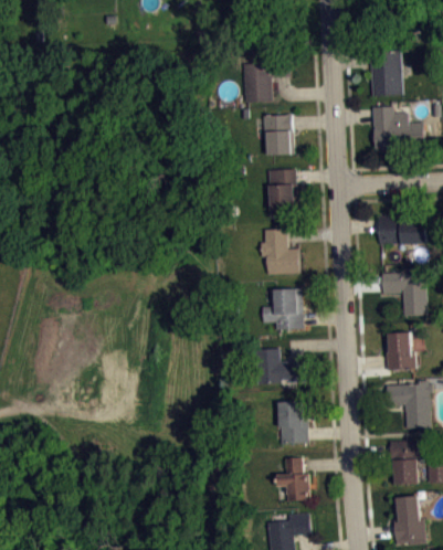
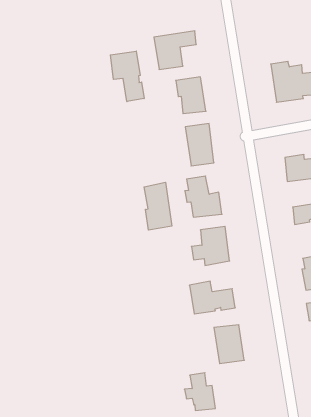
building: [370,46,403,96] -> none
building: none -> [110,51,144,102]
building: none -> [144,182,172,230]
building: [277,458,310,500] -> [184,373,215,410]

